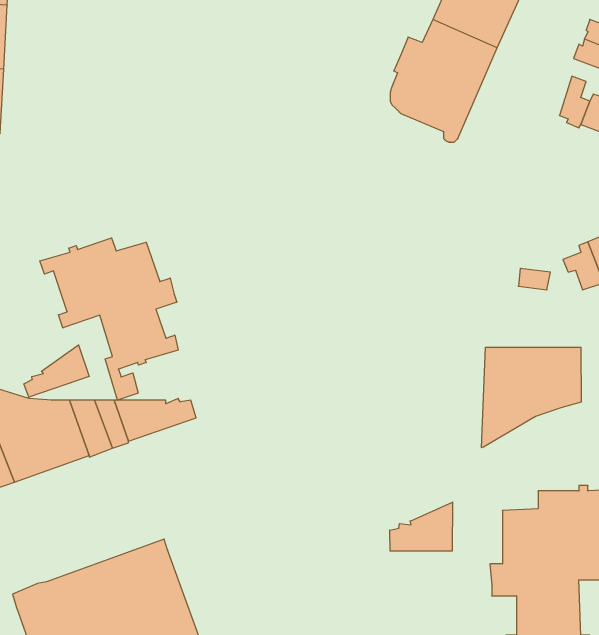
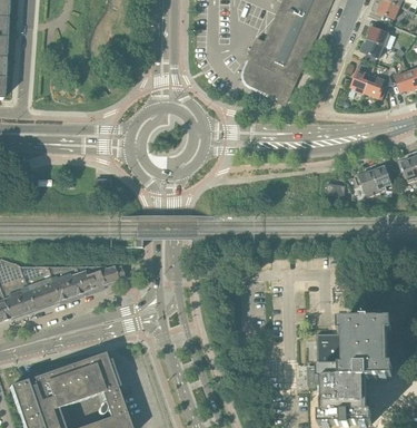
building: [40,238,178,400] -> none
building: [24,345,89,397] -> none
building: [482,347,581,448] -> none
building: [390,502,453,551] -> none

